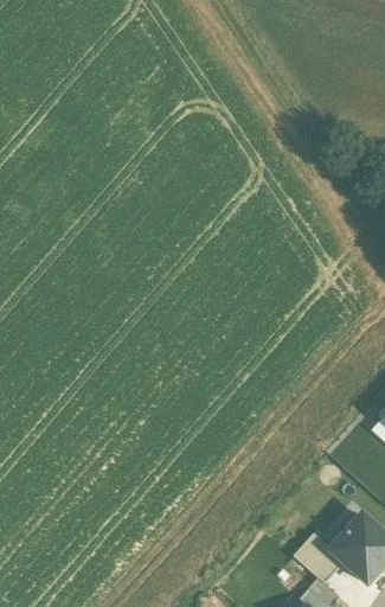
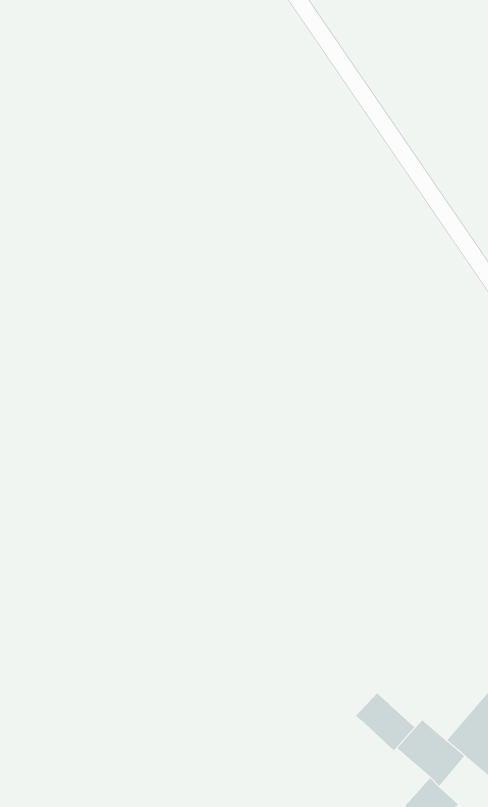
building: none -> [355,692,415,751]

